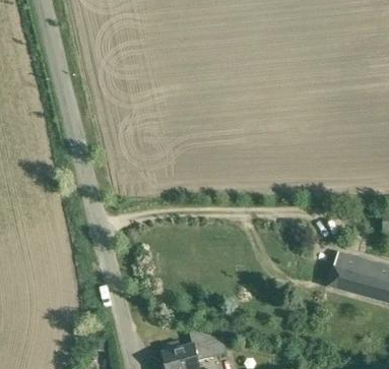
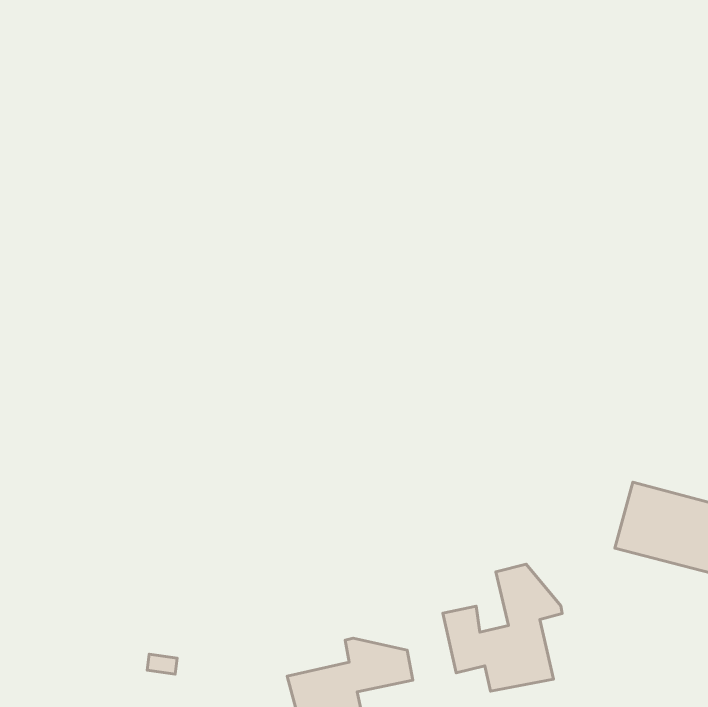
building: none -> [443,564,562,691]

